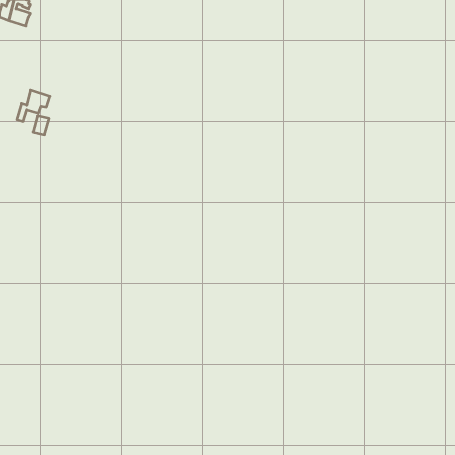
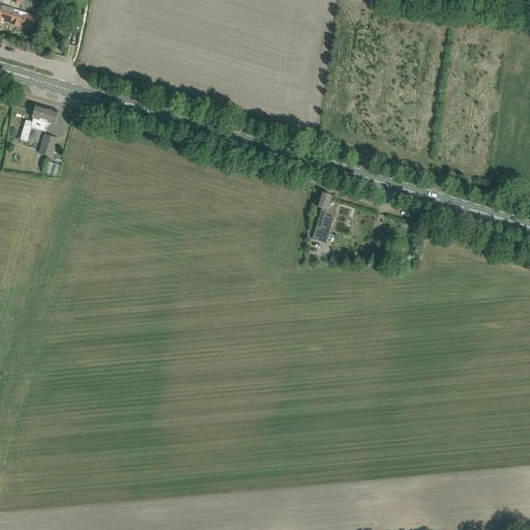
building: none -> [312,190,333,243]

